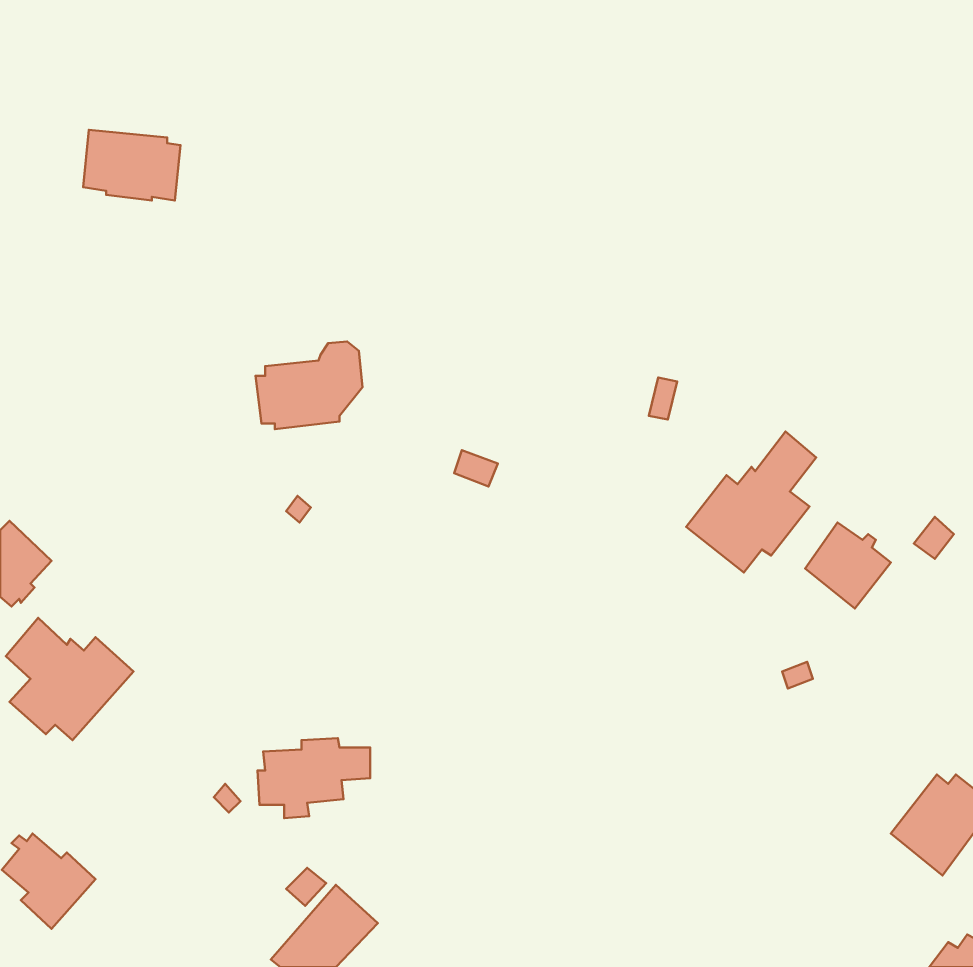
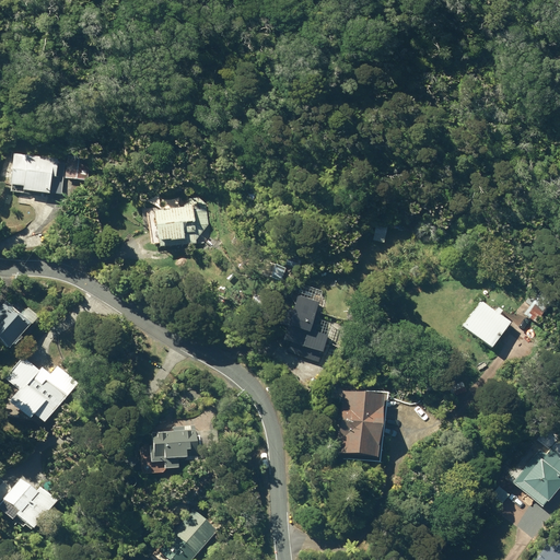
building: [83,130,181,201] -> [10,152,66,192]
building: [686,431,816,573] -> none
building: none -> [279,293,335,361]
building: none -> [335,390,385,458]

